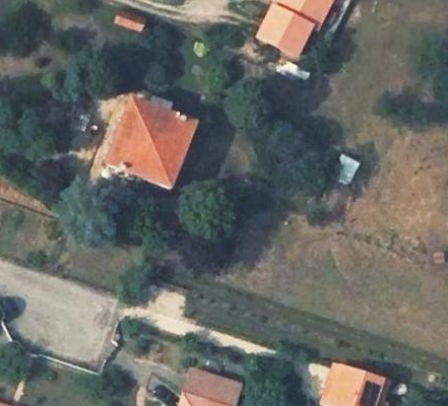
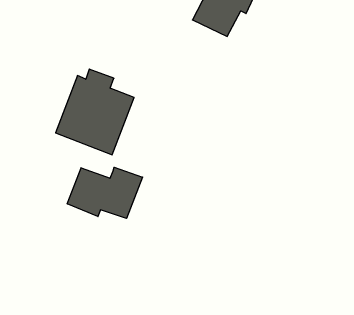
building: none -> [67,167,143,218]

